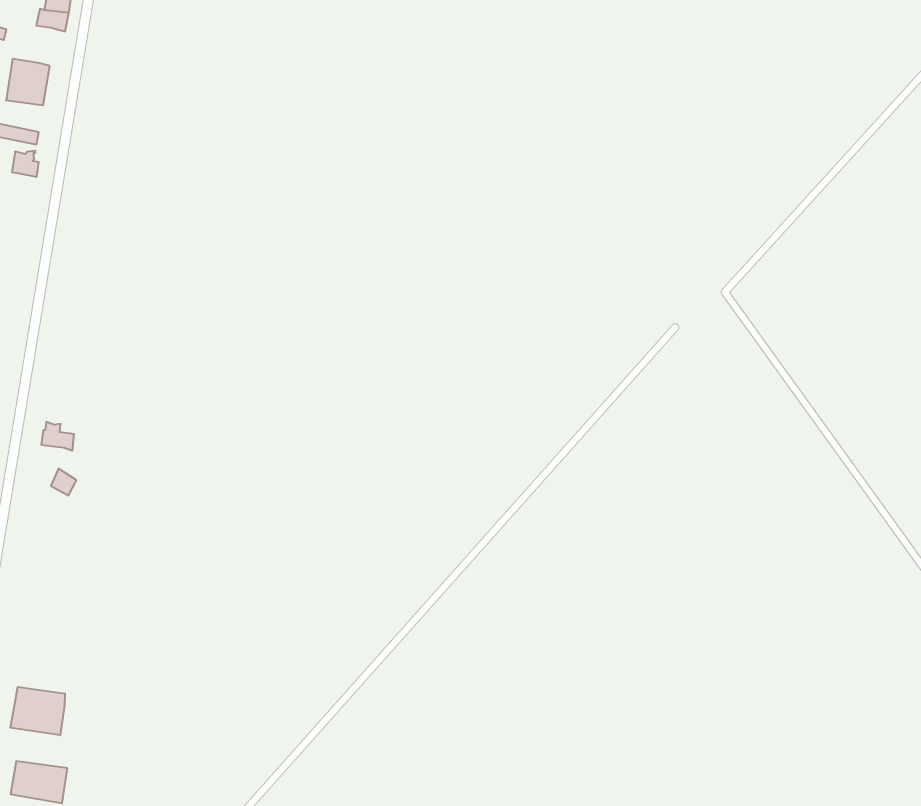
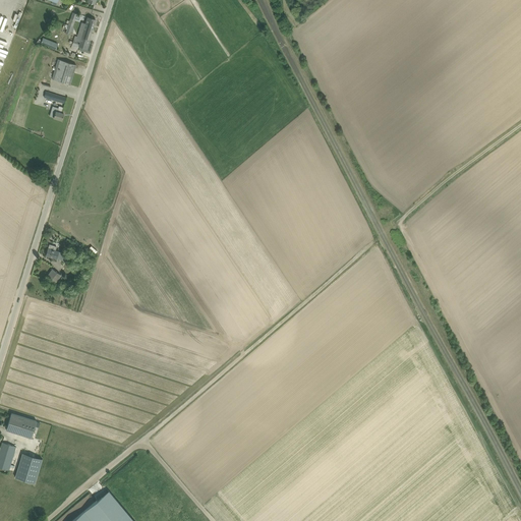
building: [11,687,65,735] -> none

